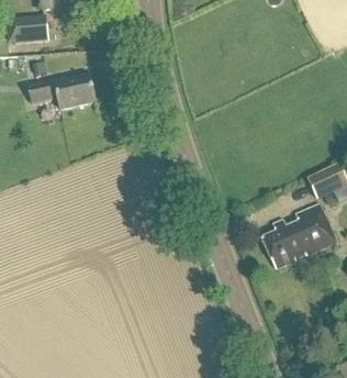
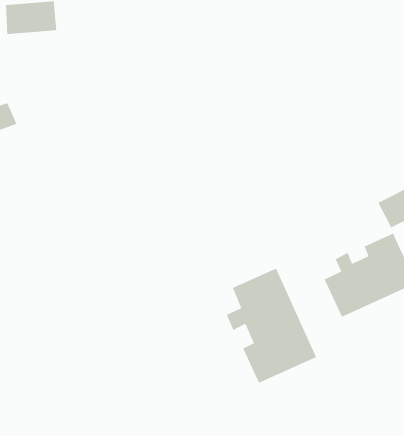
building: [29,73,97,109] -> none
building: none -> [226,268,317,384]

